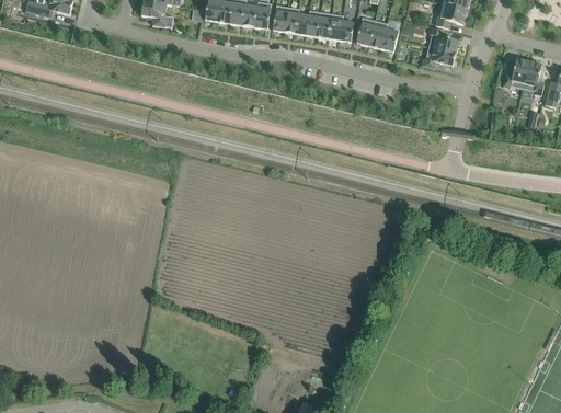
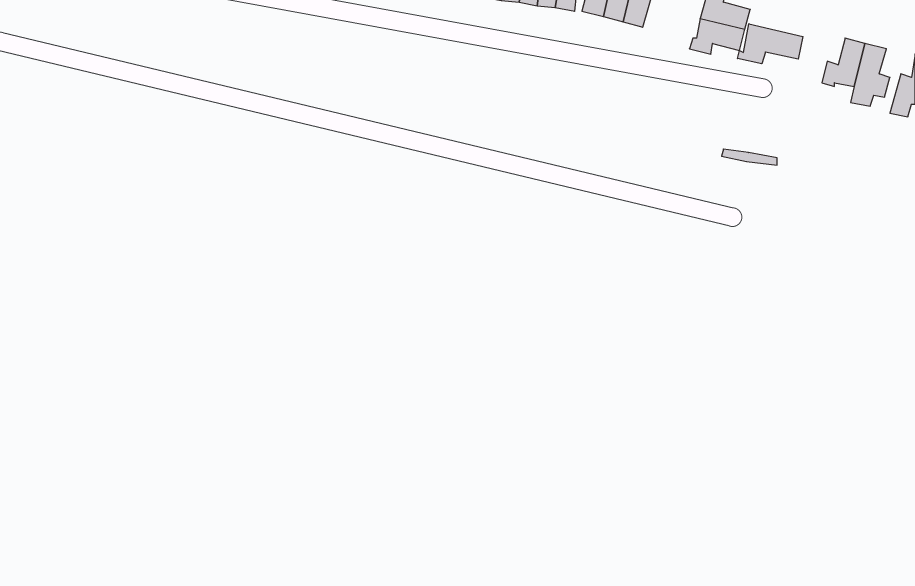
building: none -> [738,24,803,64]

